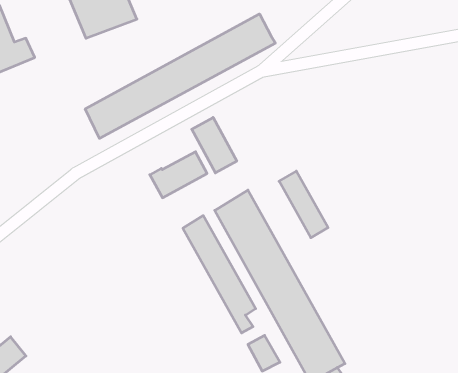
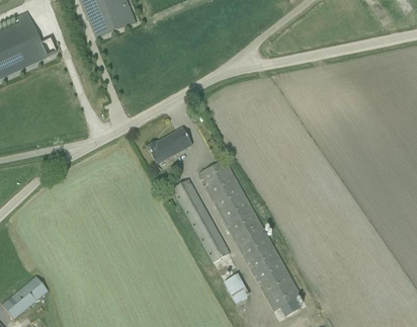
building: [85,14,275,138] -> none
building: [192,117,237,173] -> none
building: [279,171,328,238] -> none

